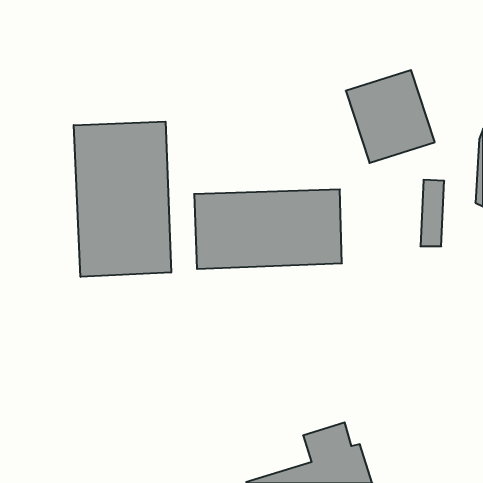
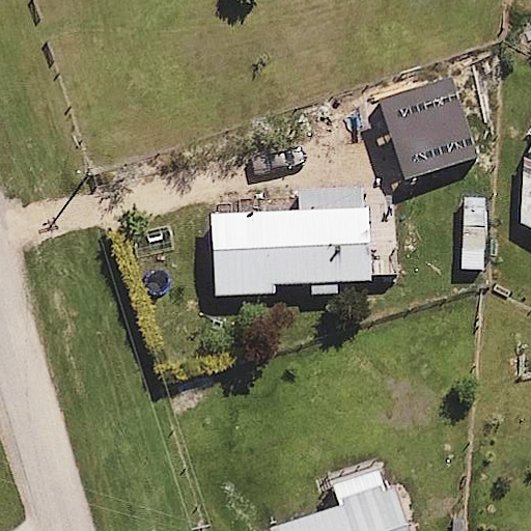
building: [74,122,171,277] -> none

